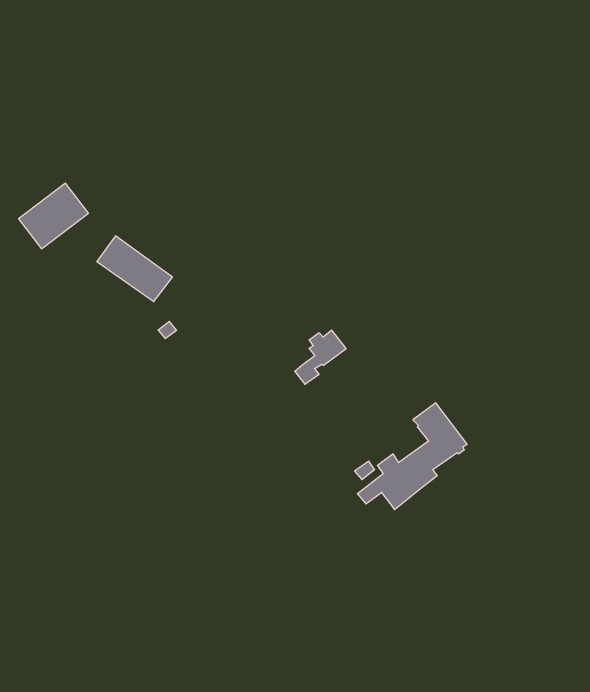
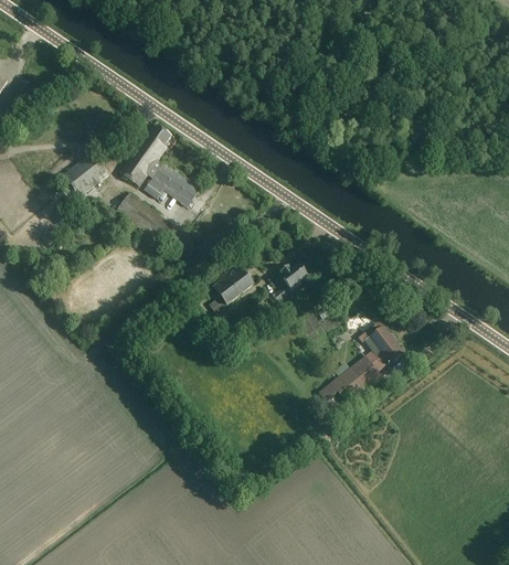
building: none -> [120,125,201,206]
building: none -> [206,267,254,323]

